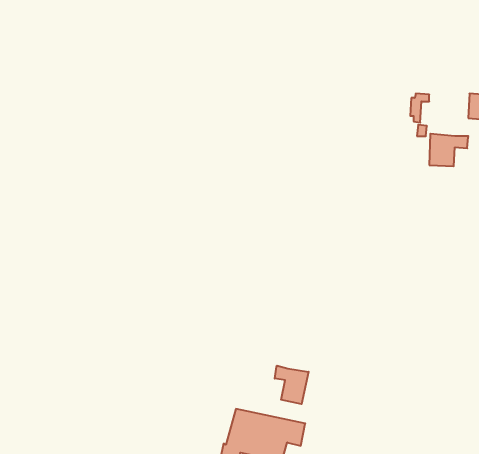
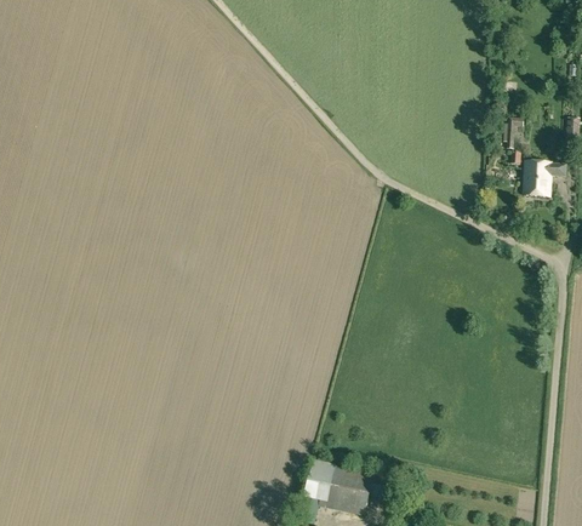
building: [275,366,309,404] -> none

